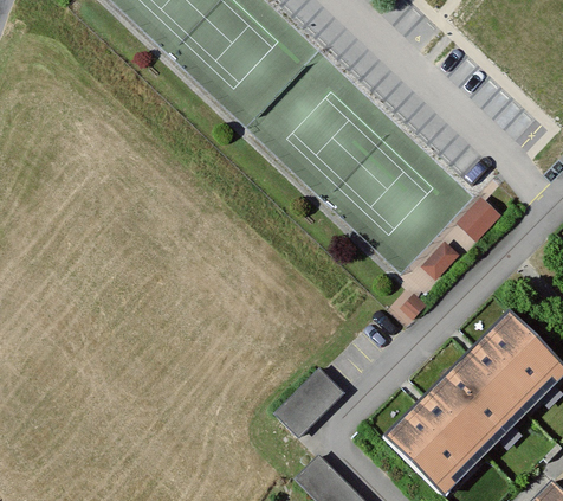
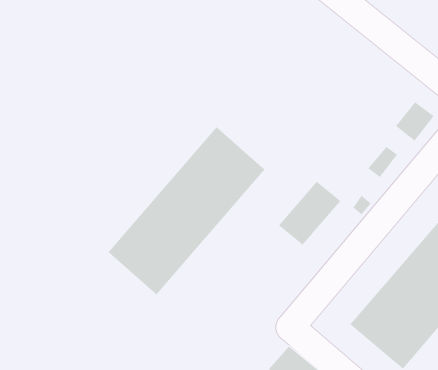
building: none -> [108,127,265,295]
building: [272,370,343,439] -> [278,181,341,246]

